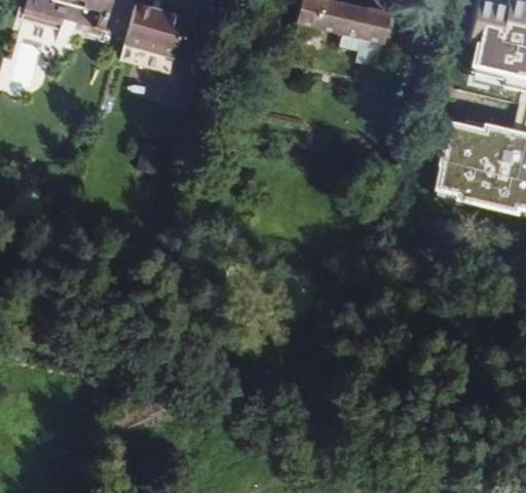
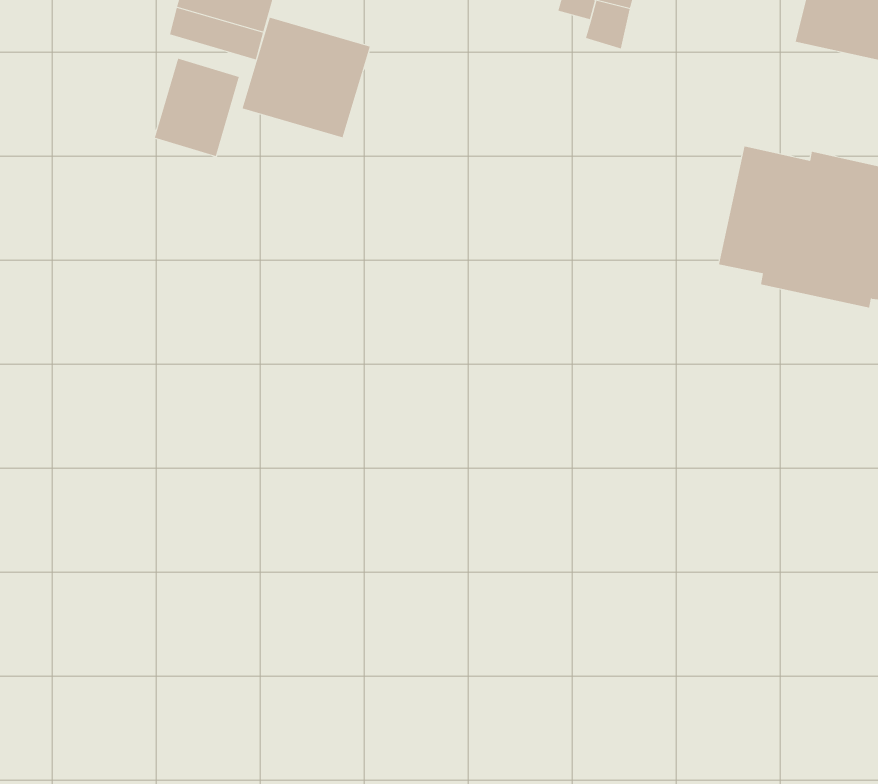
building: none -> [242,17,370,138]
building: none -> [154,58,239,157]

